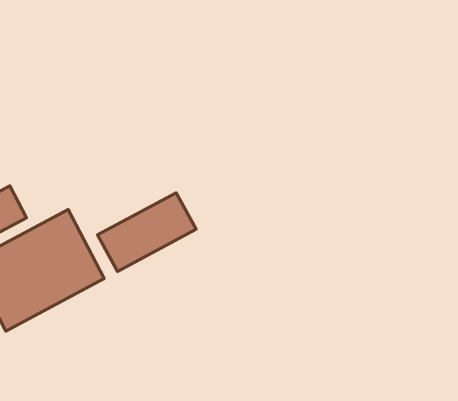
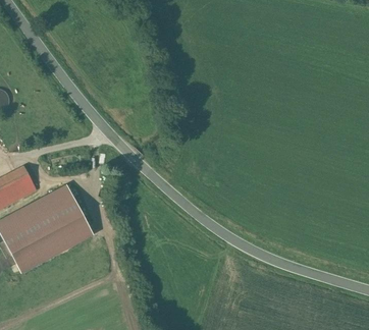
building: [98,193,196,271] -> none

